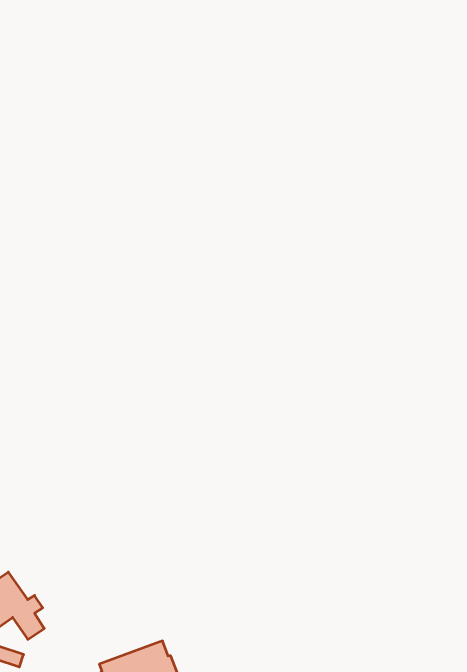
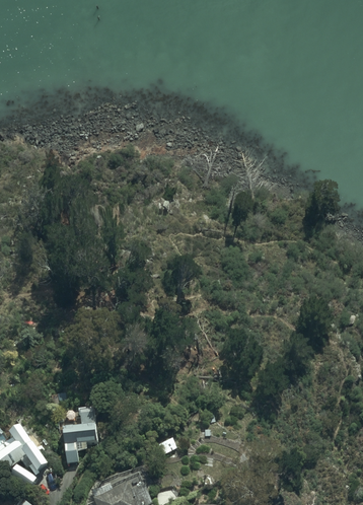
building: none -> [63,410,96,459]

